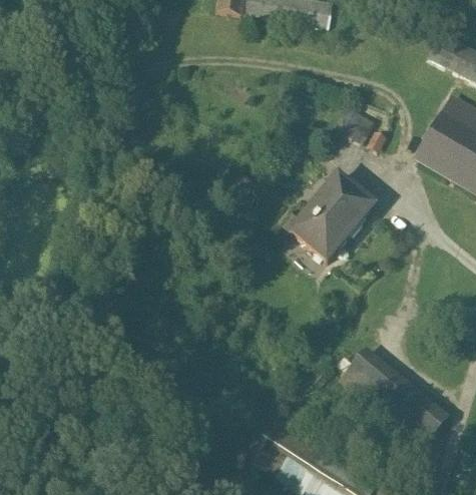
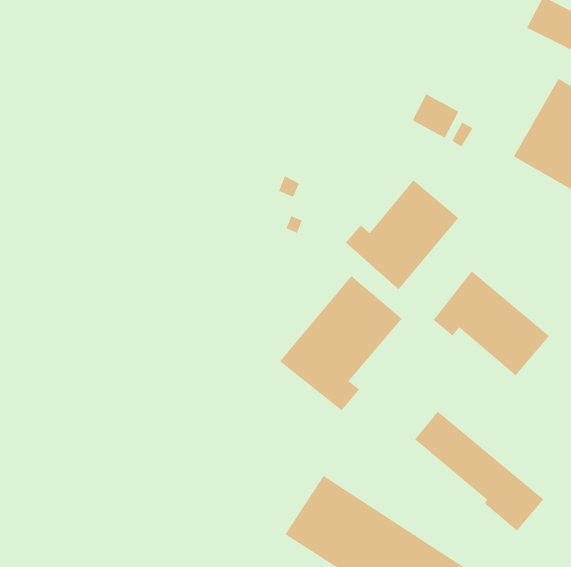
building: none -> [433,270,550,376]
building: none -> [279,275,403,411]

